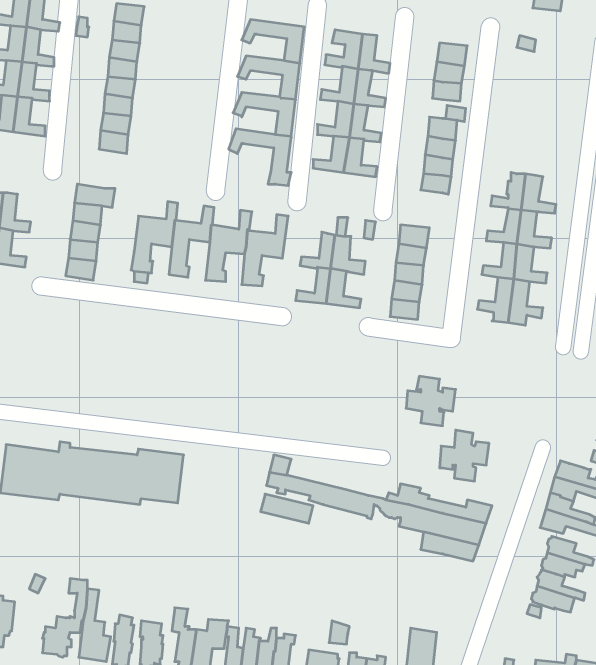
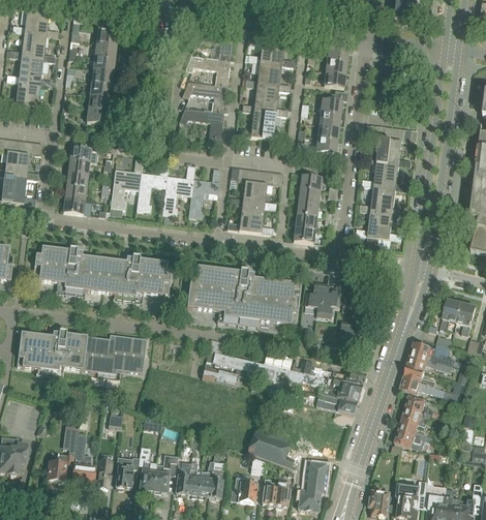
building: none -> [33,245,171,296]
building: none -> [186,265,301,324]
building: none -> [247,427,294,466]

